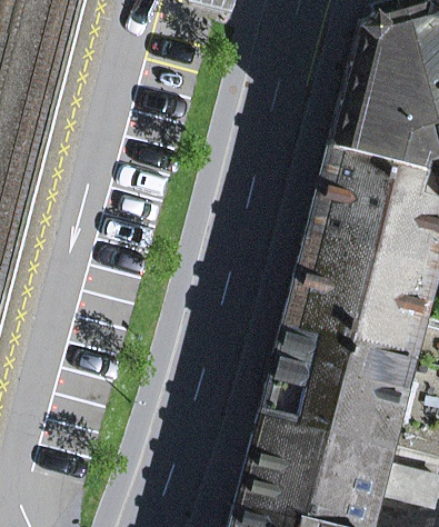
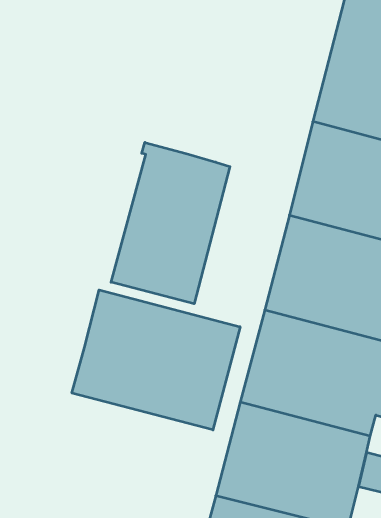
building: none -> [111,142,230,304]
building: none -> [72,290,240,430]

